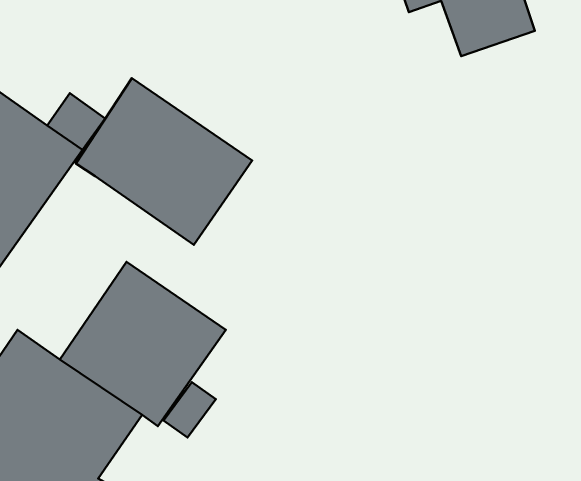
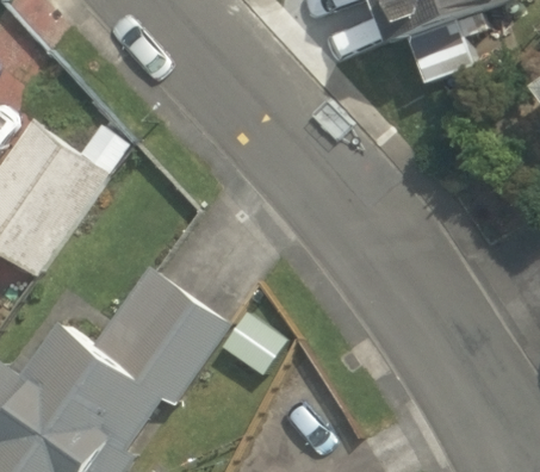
building: [76,78,252,245] -> none

